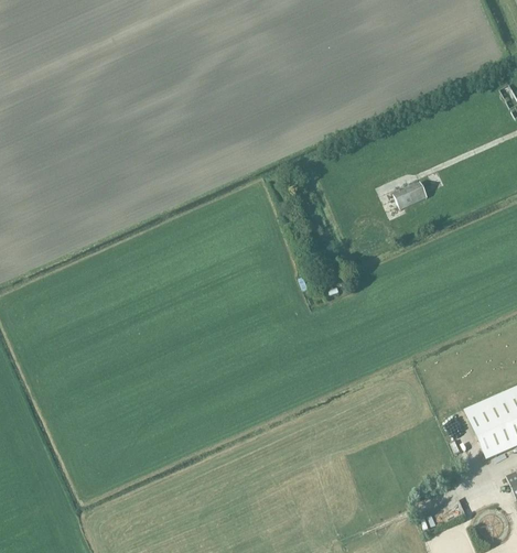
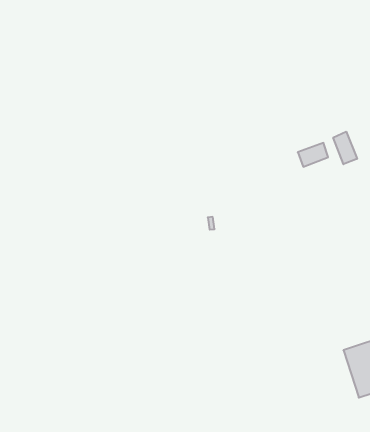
building: none -> [333,132,357,164]

